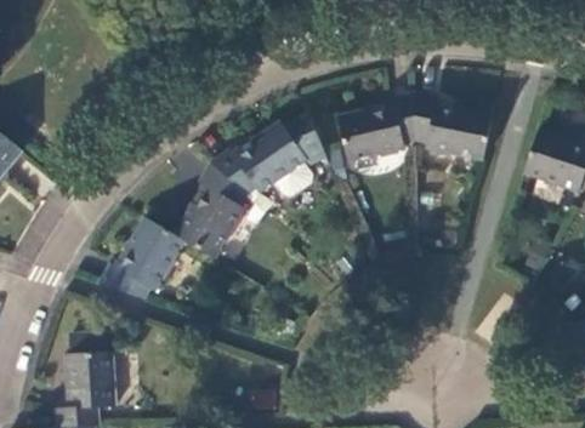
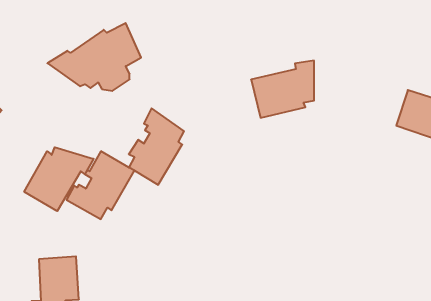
building: [416,97,492,166] -> none
building: [210,107,329,193] -> [47,23,141,91]
building: none -> [24,147,94,211]

